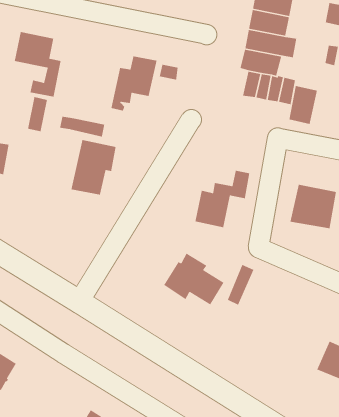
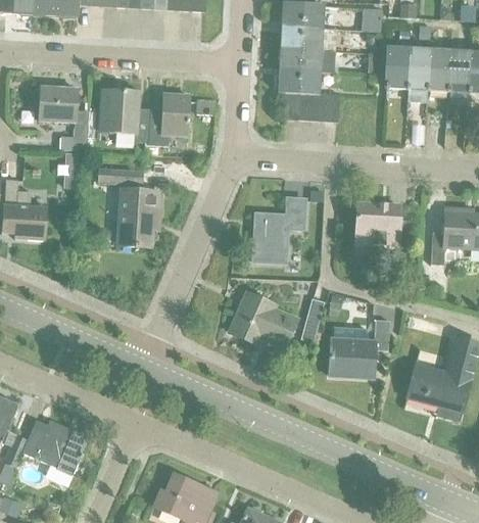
building: none -> [100,90,151,153]
building: [288,85,318,125] -> none
building: none -> [329,320,389,376]

